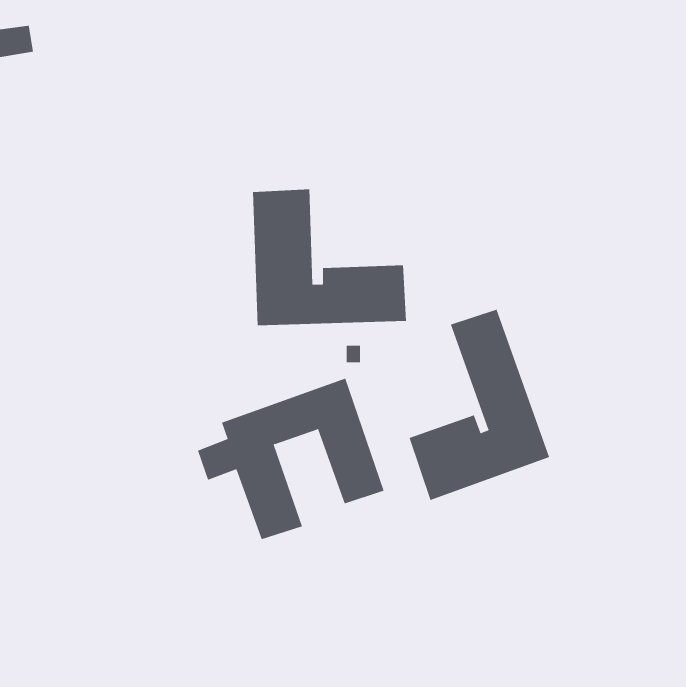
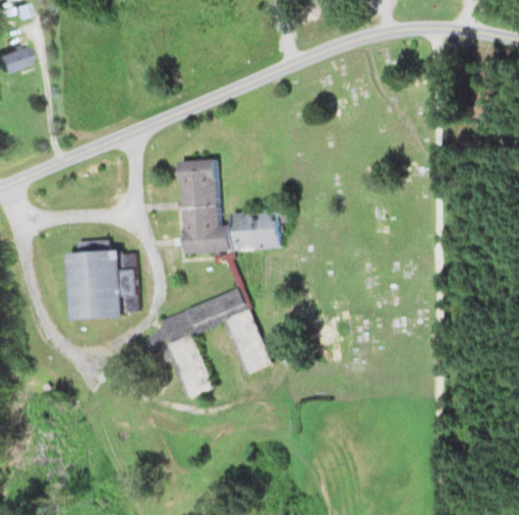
building: [409,309,550,501] -> none
building: none -> [71,243,138,320]

